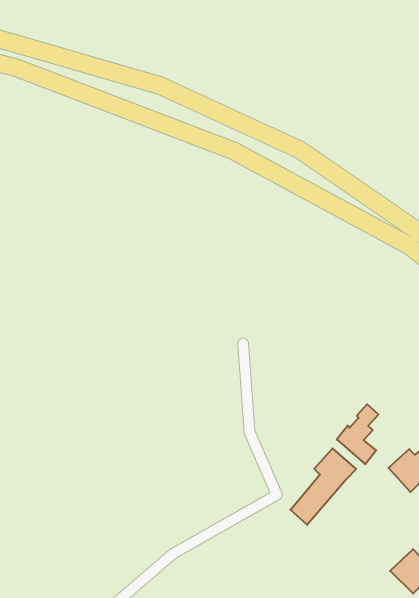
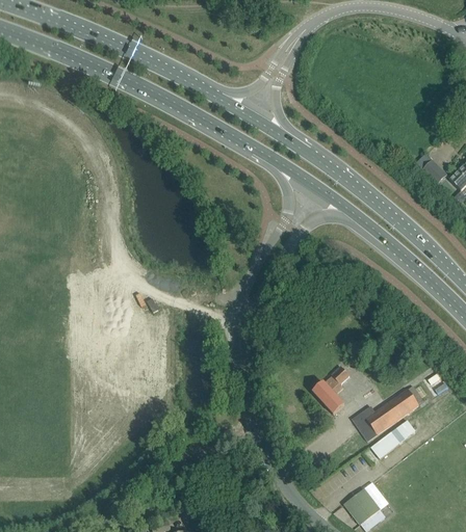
building: [290,448,356,525] -> none

